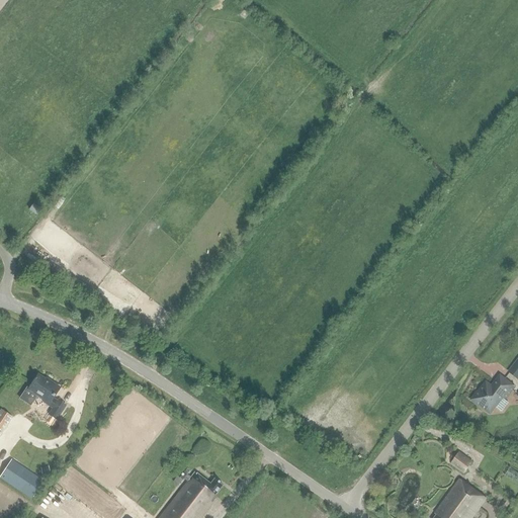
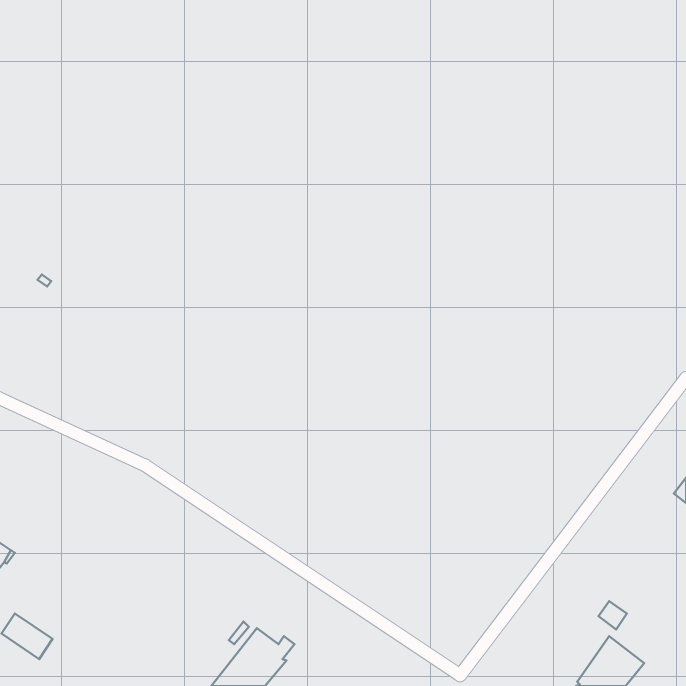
building: [470,375,512,412] -> none
building: [28,376,64,420] -> none

